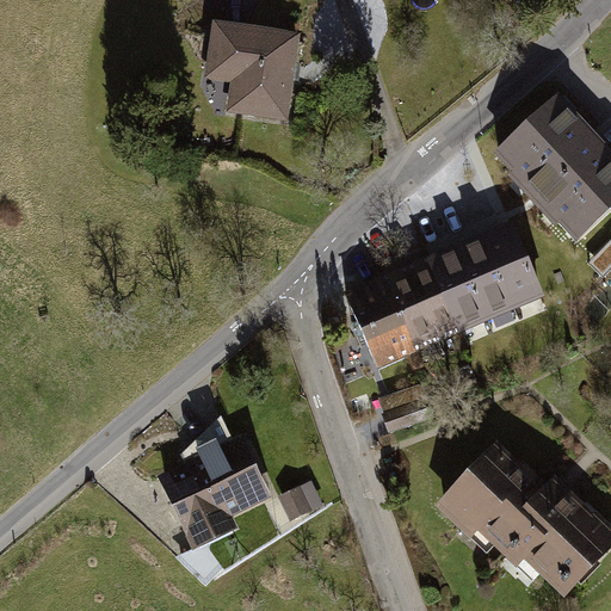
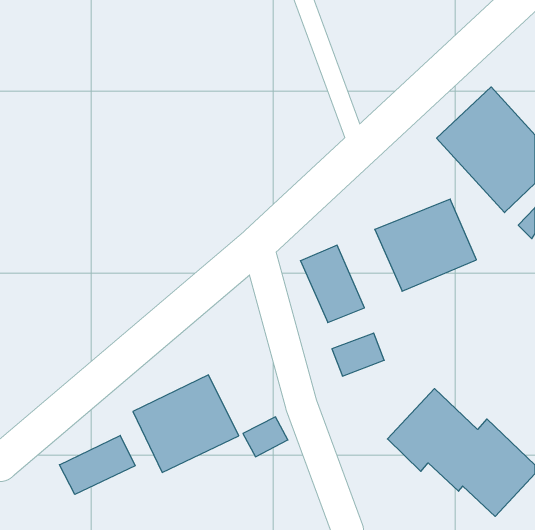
building: [205,21,304,122] -> none
building: [384,261,458,351] -> none
building: none -> [59,435,135,494]

